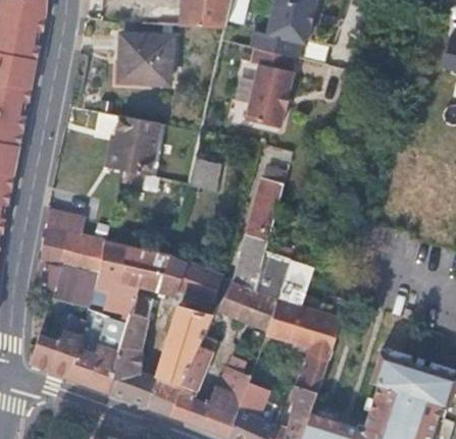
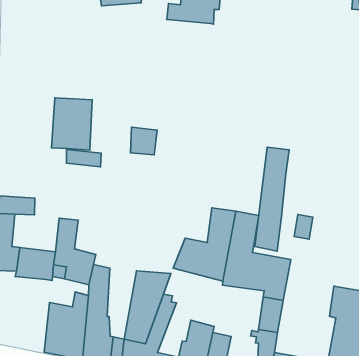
building: [121,34,176,84] -> none
building: [244,50,295,128] -> none
building: [235,178,286,288] -> [255,147,289,251]
building: [52,228,106,274] -> none
building: [117,244,223,298] -> none
building: [32,317,84,377] -> none

